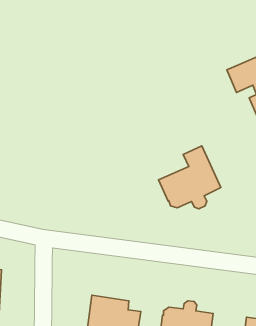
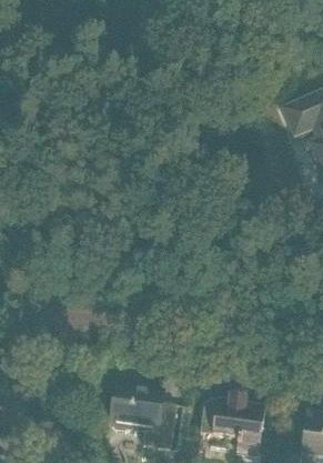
building: [158,146,221,209] -> none

